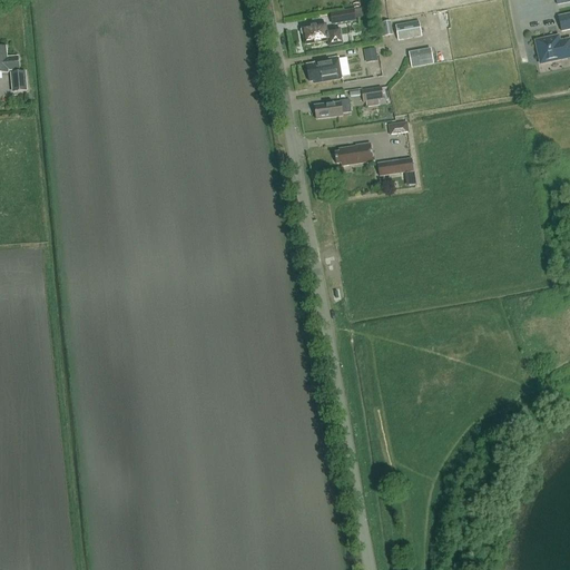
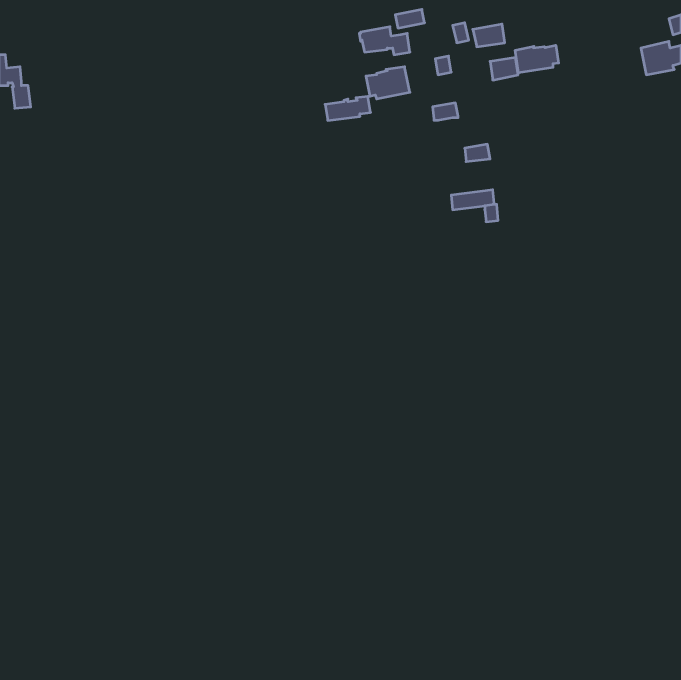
building: none -> [515,45,559,73]
building: [313,98,351,118] -> [325,96,371,120]
building: [334,142,373,165] -> none

